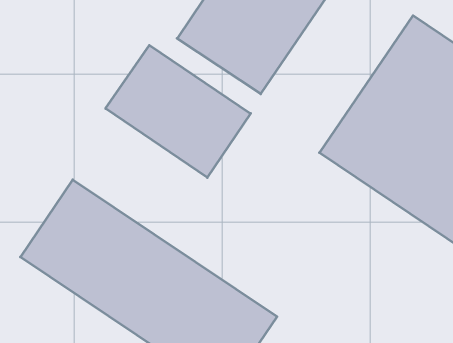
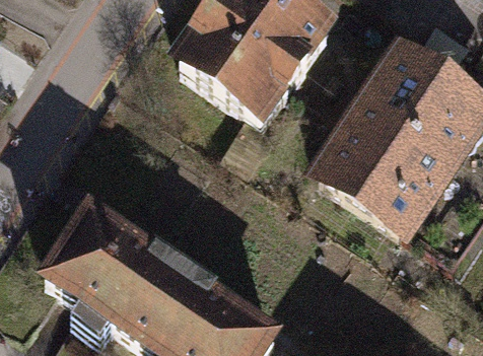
building: [106,45,251,178] -> none

